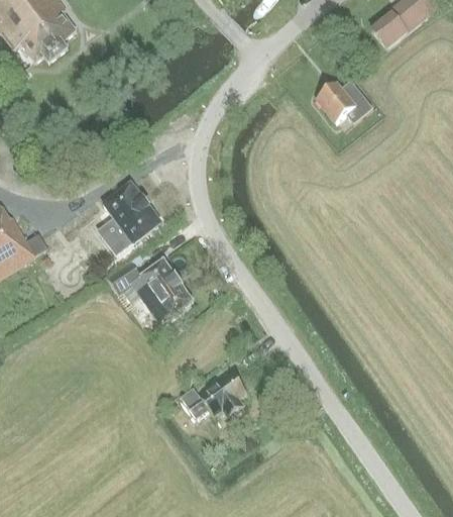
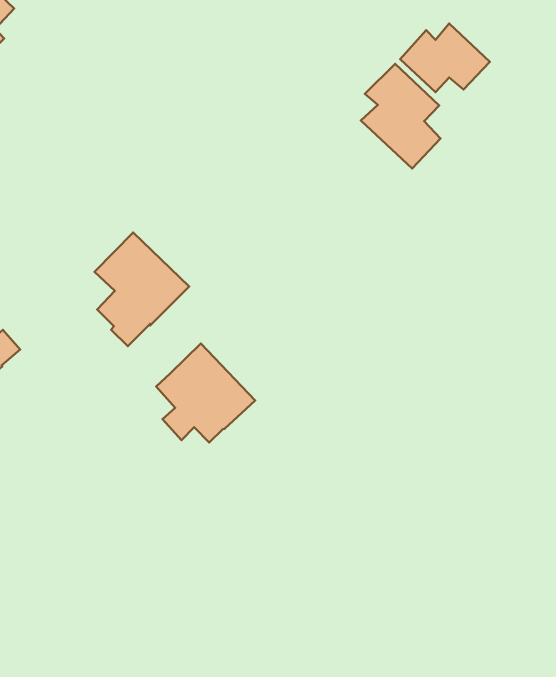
building: none -> [361,64,441,169]
building: [181,375,246,418] -> none

